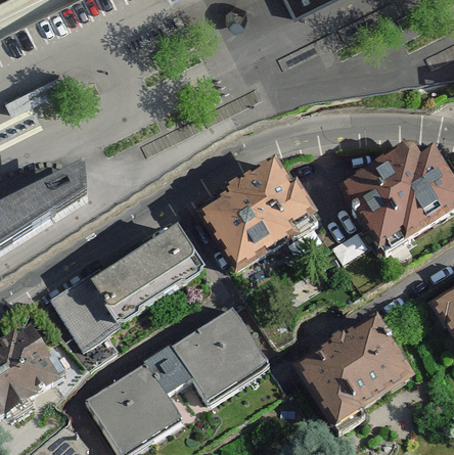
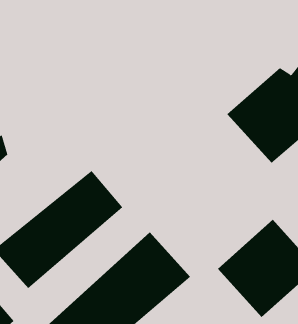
building: [200,160,315,268] -> none

